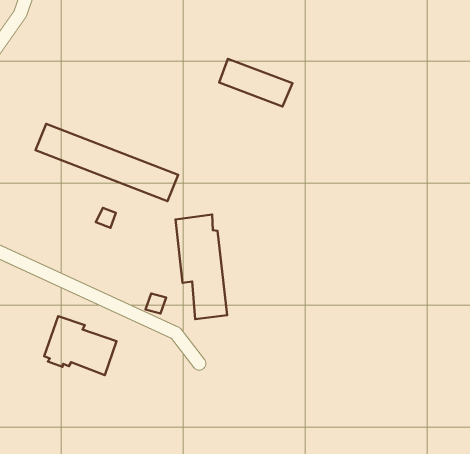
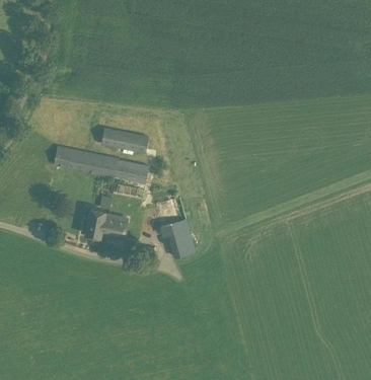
building: [219,59,292,107] -> [100,128,148,153]
building: [44,316,117,375] -> [83,207,129,240]

